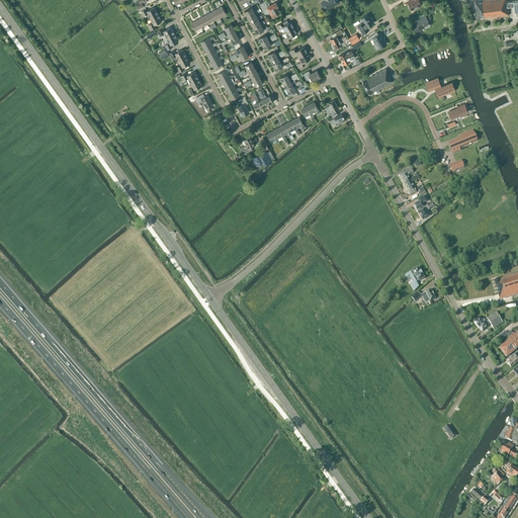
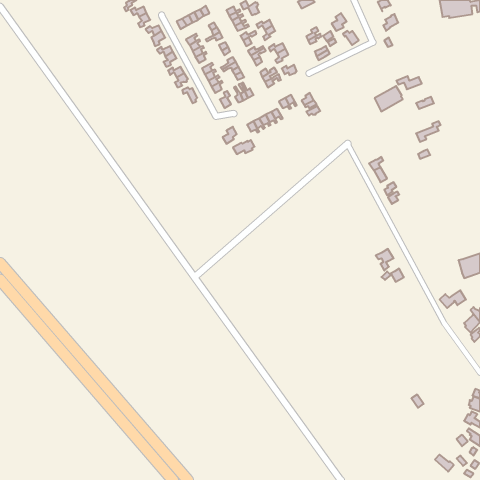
building: [362,68,393,95] -> [375,86,403,111]

